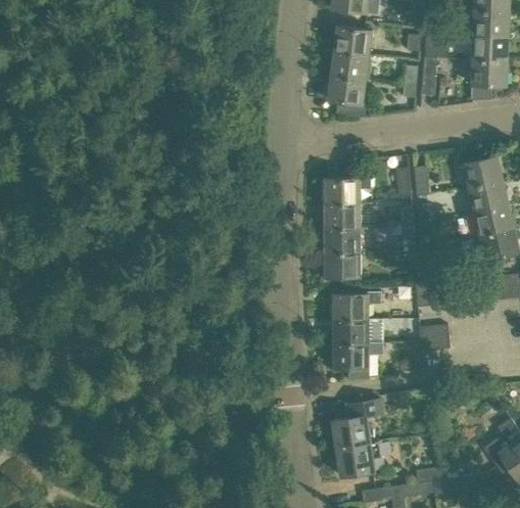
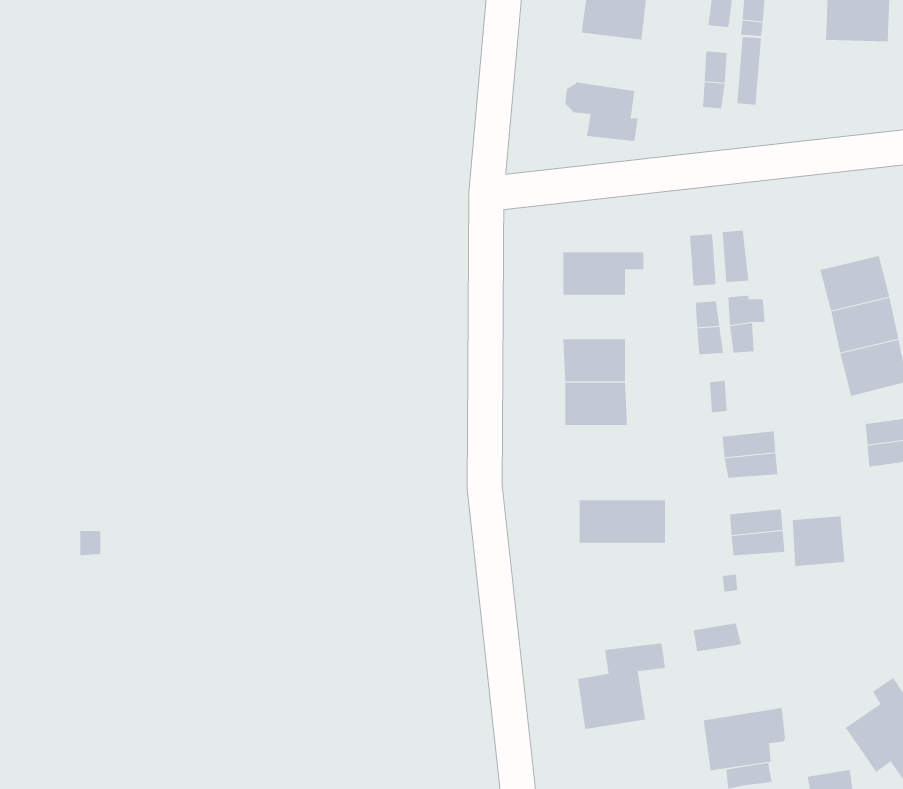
building: [331,55,369,88] -> none
building: [471,59,508,99] -> none
building: [464,156,503,189] -> none
building: [324,203,360,228] -> none
building: [333,292,380,319] -> none
building: none -> [792,515,845,567]
building: [333,343,382,378] -> none
building: [336,442,383,477] -> [703,707,786,771]

